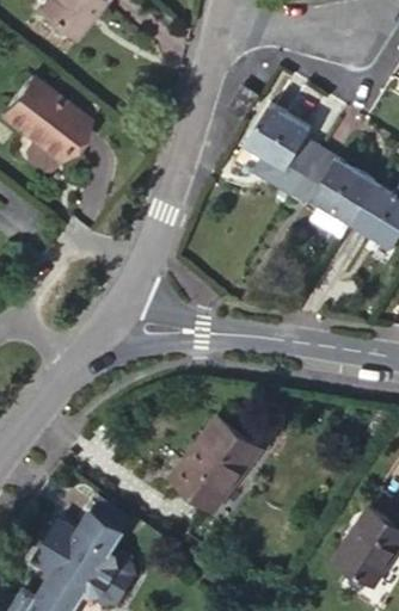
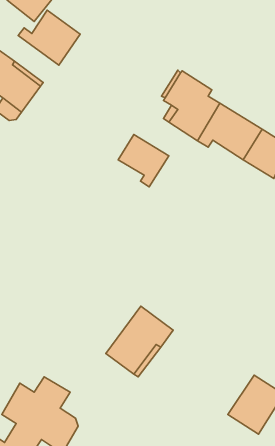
building: none -> [18,10,80,65]
building: none -> [118,134,169,187]

